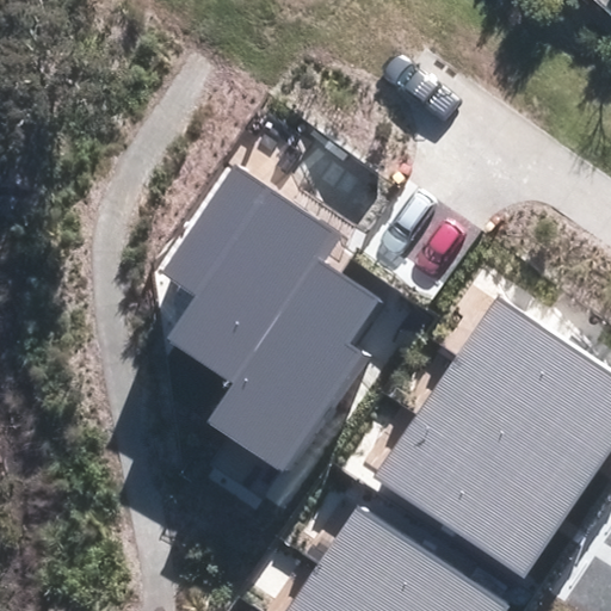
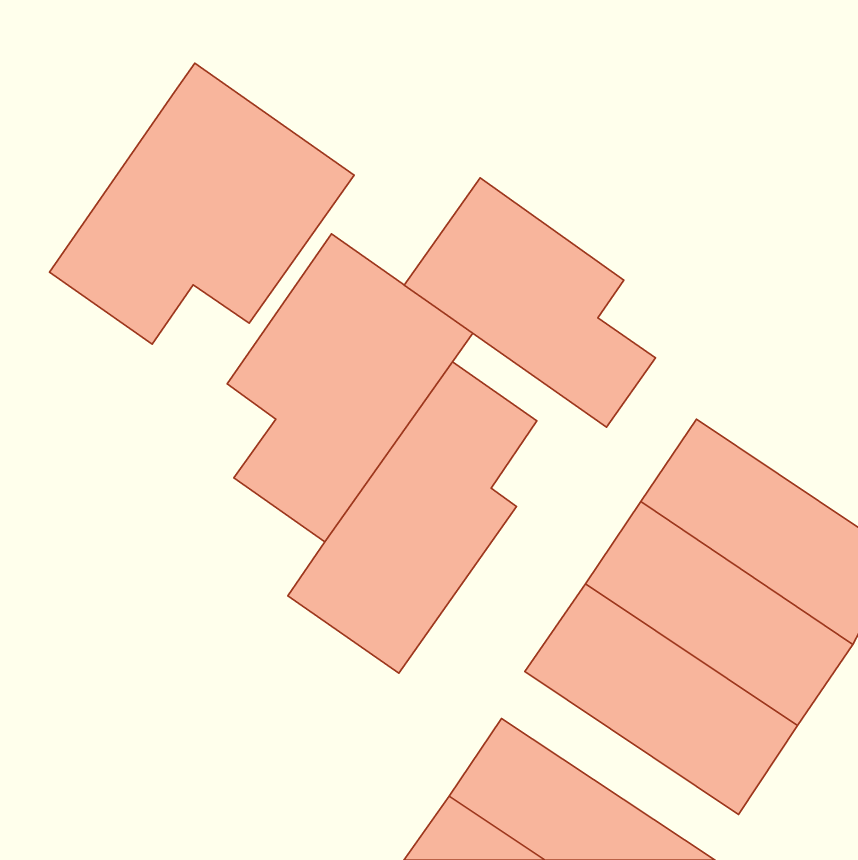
building: none -> [50,63,354,344]
building: none -> [404,178,655,427]

